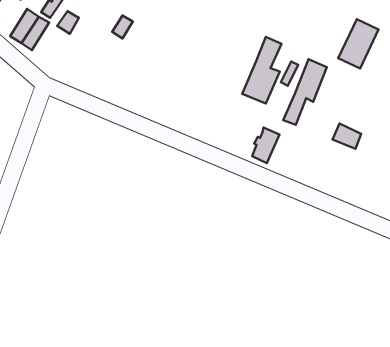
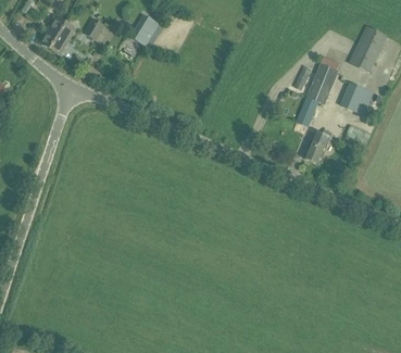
building: [242,37,281,103] -> none
building: none -> [340,81,374,115]
building: [252,128,280,163] -> [305,130,331,164]

